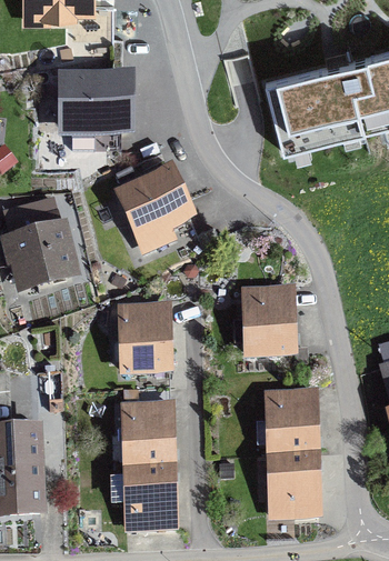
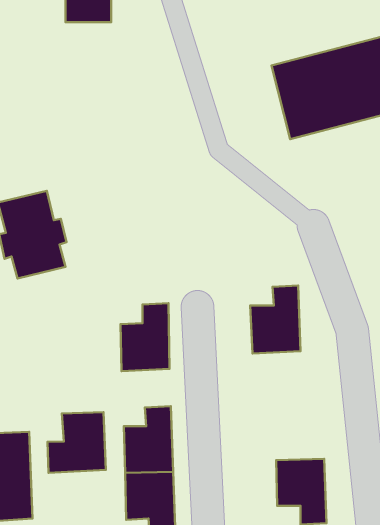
building: [64,80,127,150] -> none
building: [120,172,198,260] -> none
building: [268,392,315,455] -> none
building: none -> [47,412,106,473]

